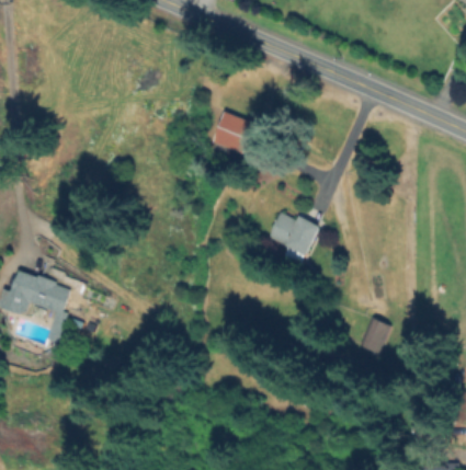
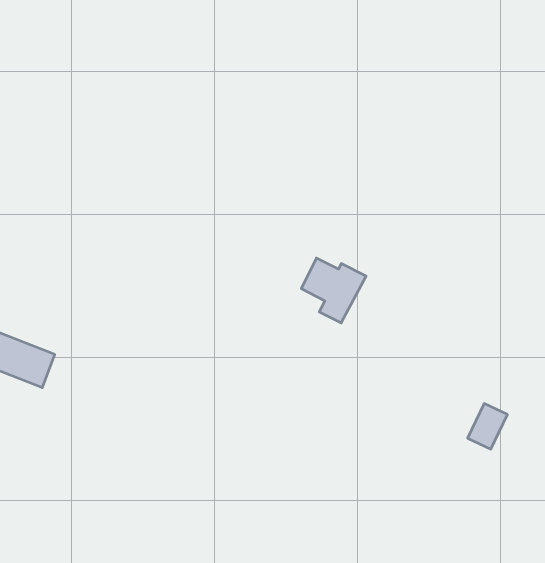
building: [213,112,253,153] -> none
building: [359,318,390,354] -> [468,404,507,449]

